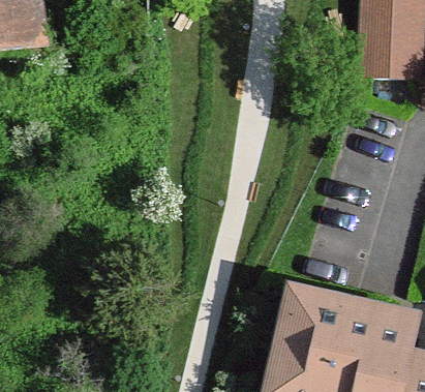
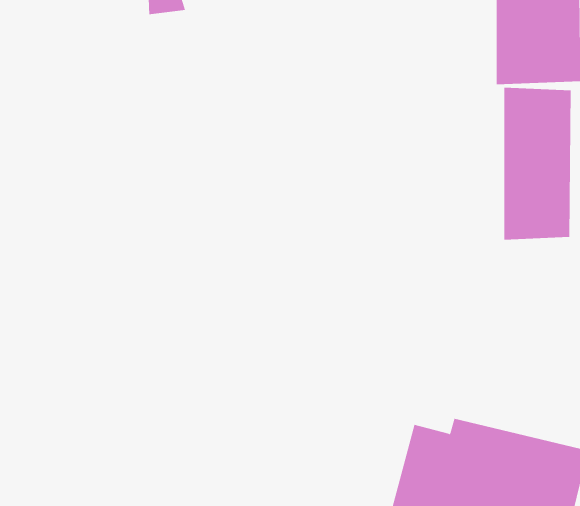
building: none -> [504,87,571,240]

